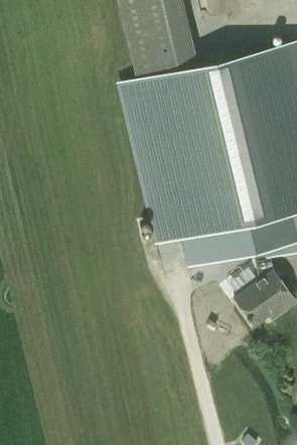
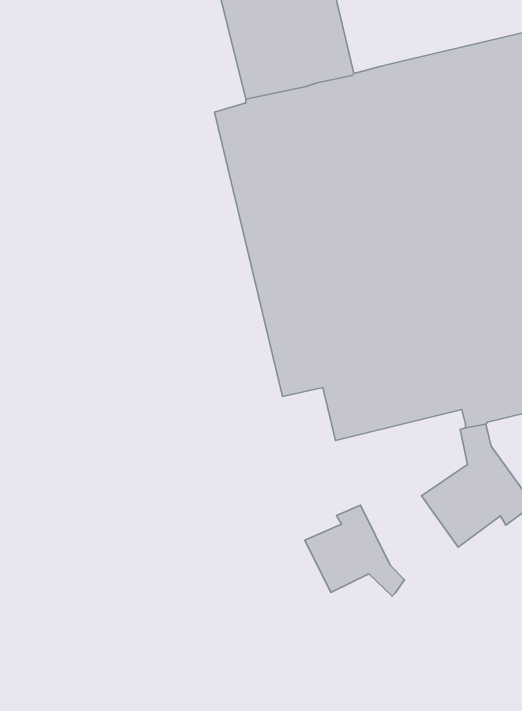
building: none -> [305,505,405,596]

